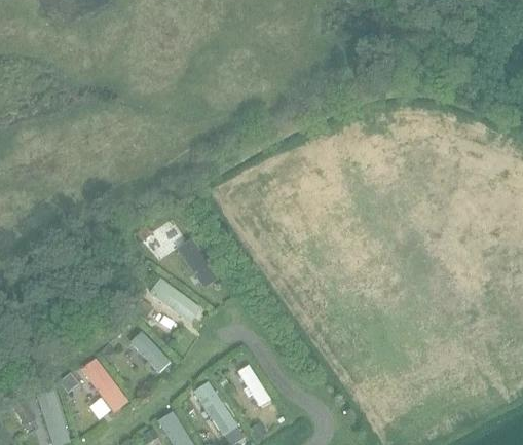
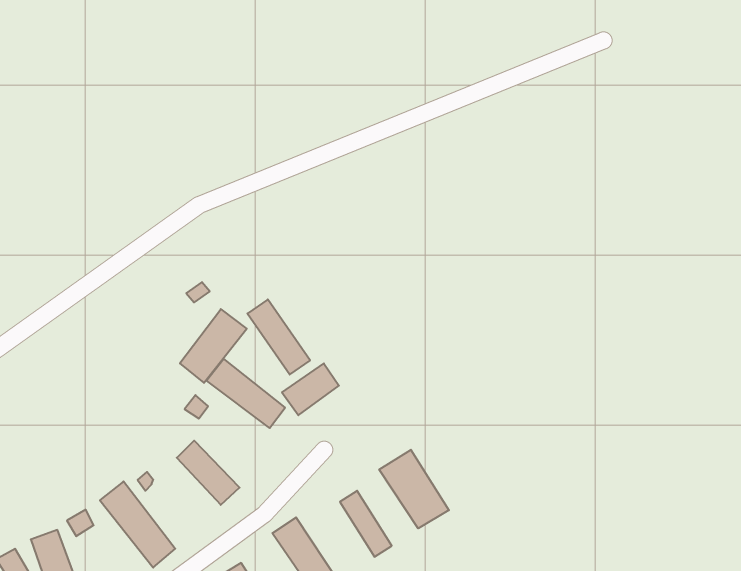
building: none -> [180,309,247,383]
building: none -> [282,363,339,415]
building: none -> [379,450,449,528]

